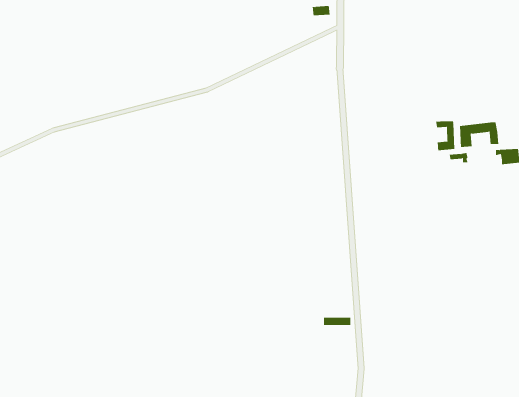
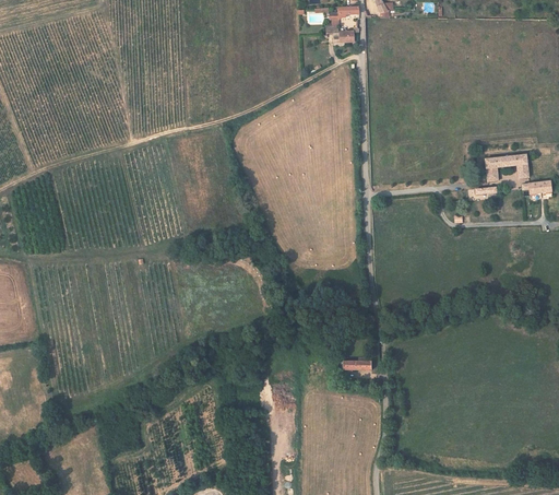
building: [436,120,455,151] -> none

